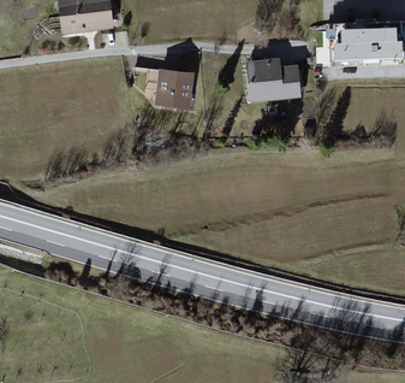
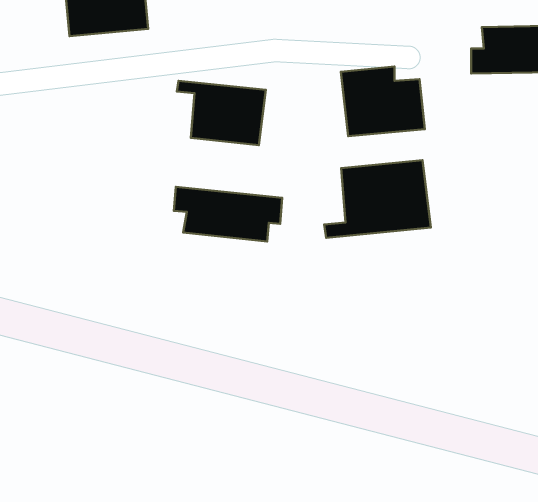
building: none -> [324,160,431,238]
building: none -> [174,187,282,242]

